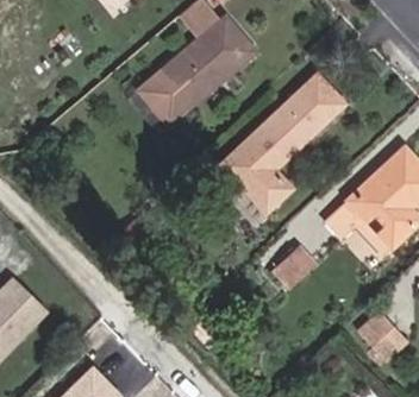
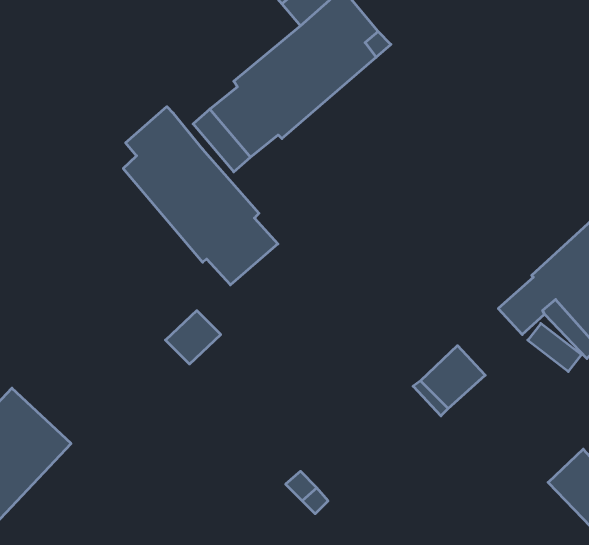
building: [219,74,345,214] -> none
building: none -> [123,107,278,285]

